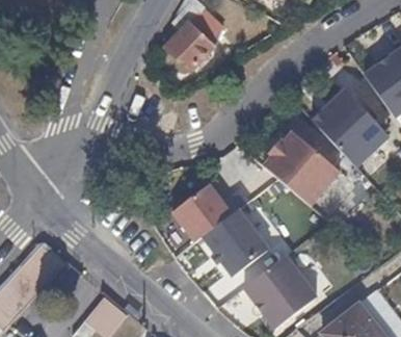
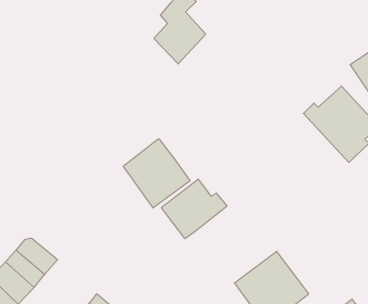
building: [262,132,339,206] -> none
building: [202,209,267,277] -> [123,139,190,208]

